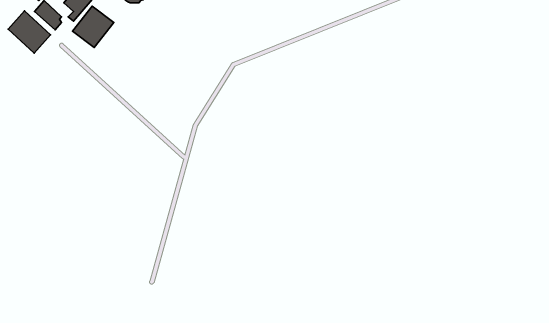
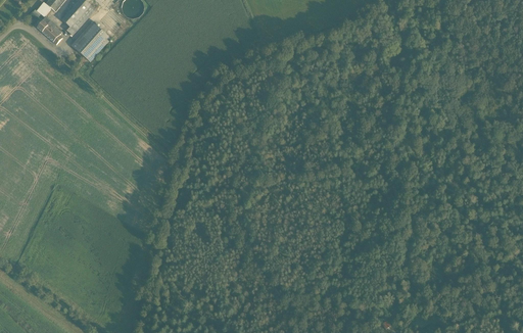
building: [8,11,51,53] -> none

